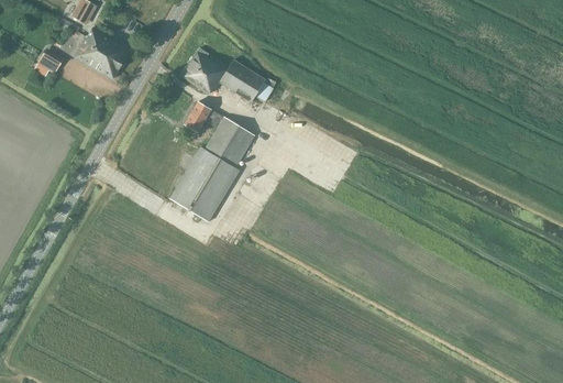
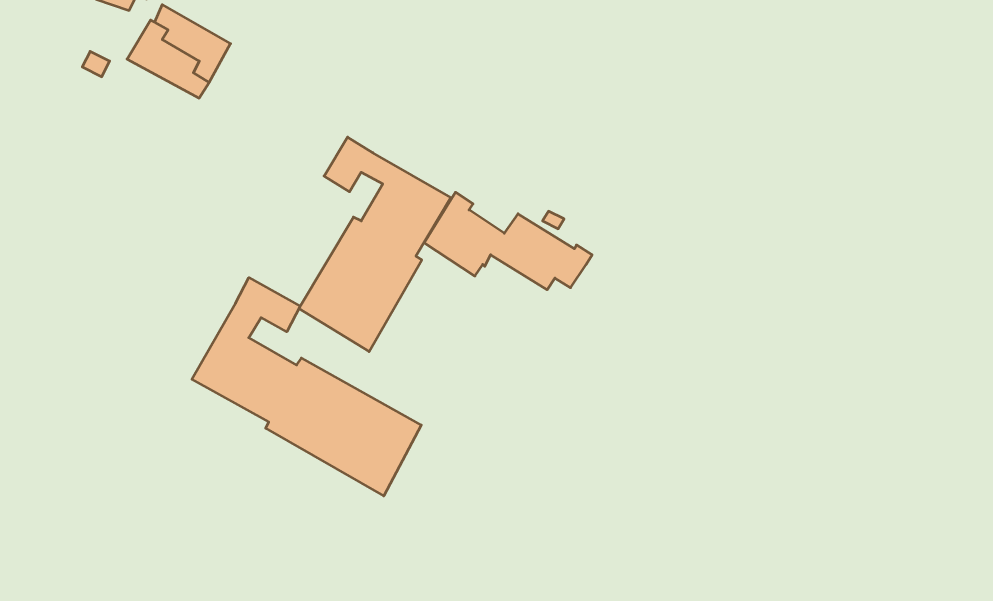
building: [181,46,276,101] -> [424,192,592,290]
building: none -> [192,278,421,496]

